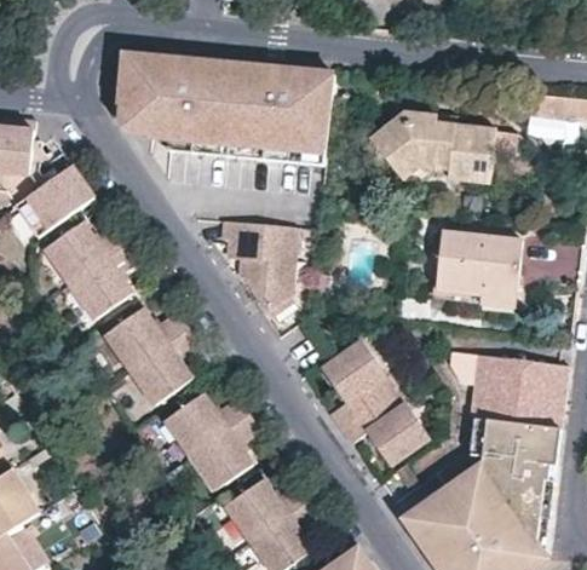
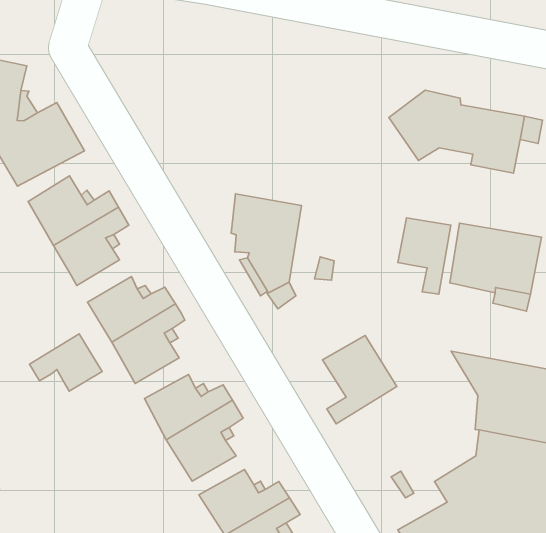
building: [120,59,332,168] -> none
building: none -> [398,218,451,294]
building: none -> [29,334,102,391]
building: [341,388,430,465] -> none

